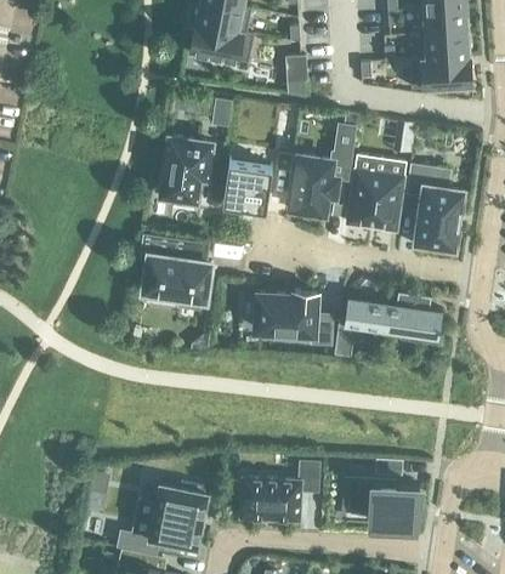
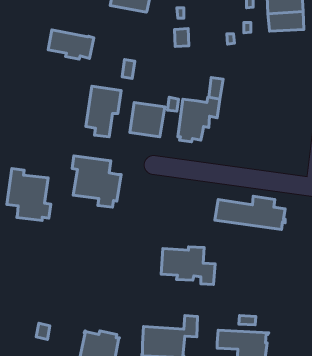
building: [191,24,255,66] -> [48,30,94,59]
building: [410,58,472,93] -> none
building: [347,157,405,232] -> none
building: [405,165,463,252] -> none
building: none -> [7,168,51,221]
building: [256,292,333,346] -> [161,247,215,285]

